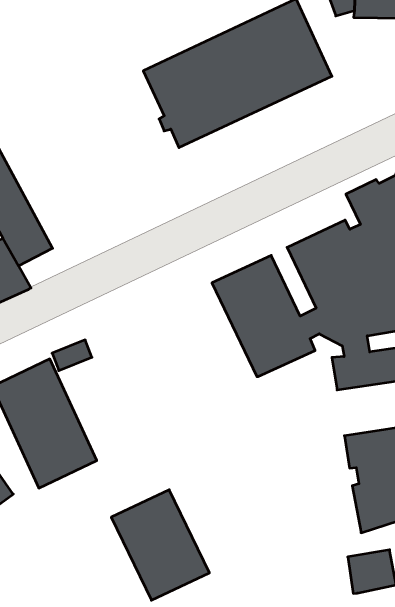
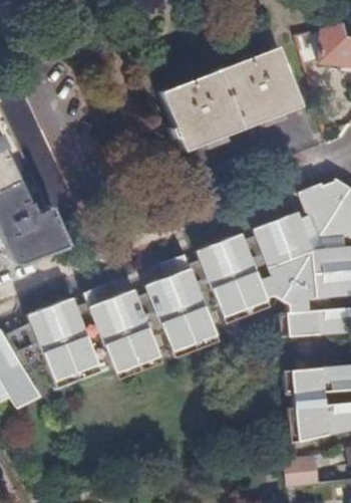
building: none -> [148,269,217,349]
building: [111,490,209,600] -> [93,292,162,372]

